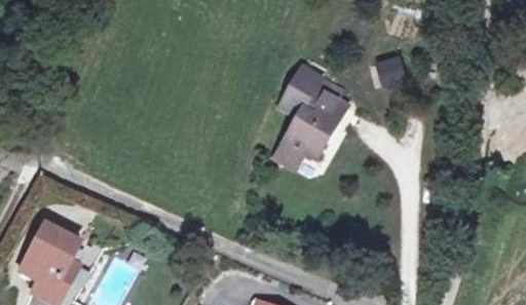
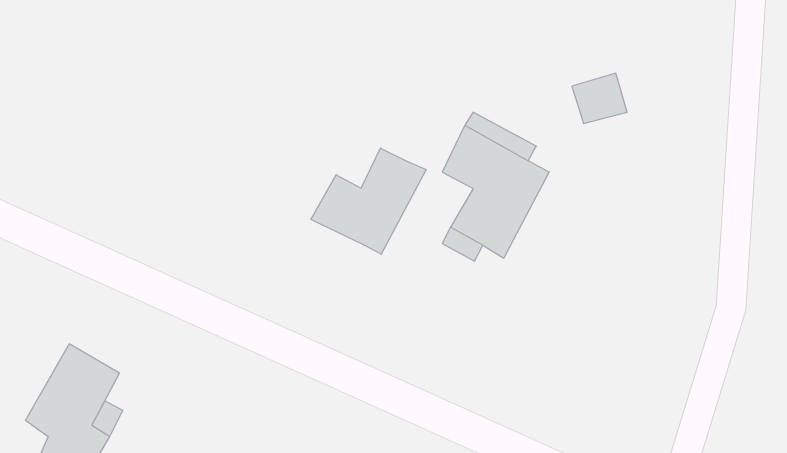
building: none -> [311,148,426,254]

